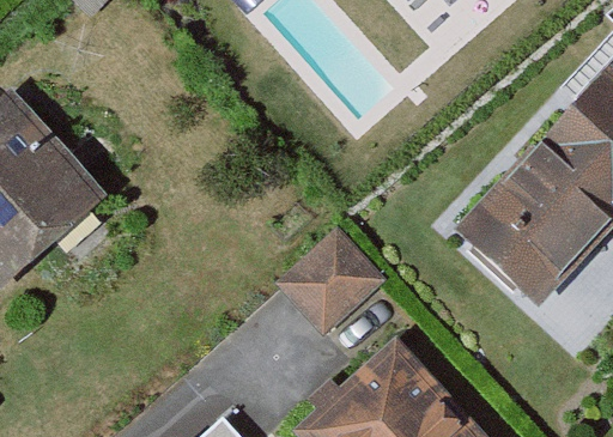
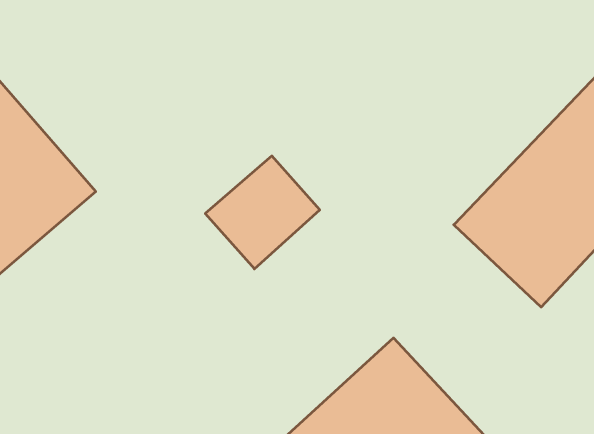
building: [275,225,387,335] -> [205,156,320,269]

